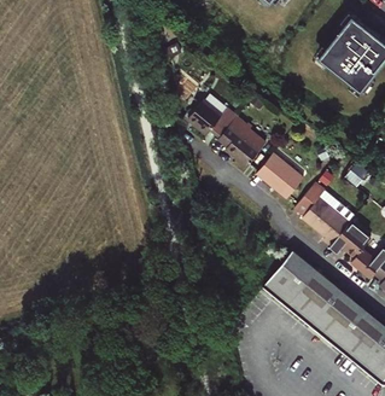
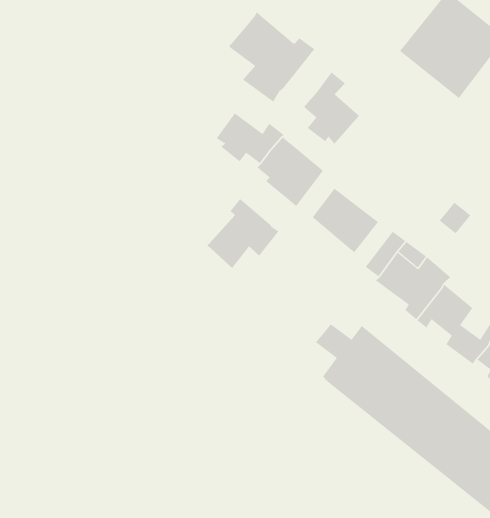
building: none -> [228,11,315,102]
building: none -> [303,72,360,144]
building: none -> [206,198,279,269]

